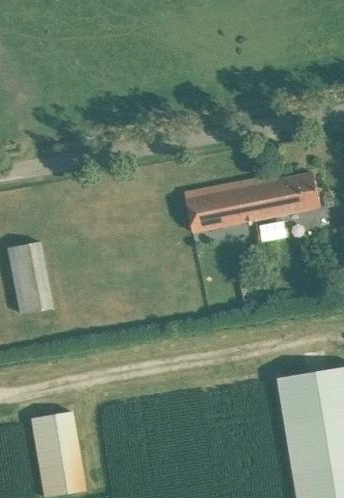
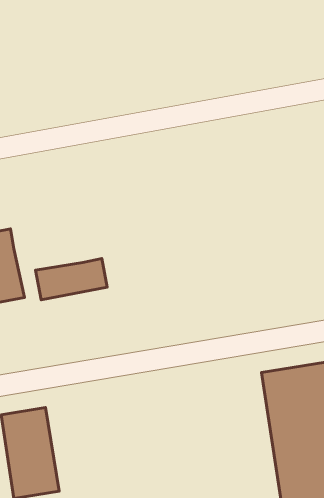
building: [184,173,319,234] -> none
building: none -> [36,259,107,300]

